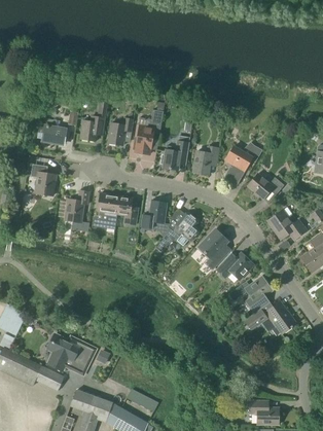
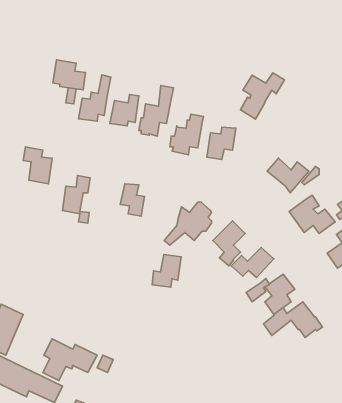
building: [36,117,65,144] -> [53,60,85,90]
building: [223,144,262,185] -> [240,73,284,119]
building: [92,193,120,228] -> none
building: [141,201,167,229] -> [152,255,181,287]

